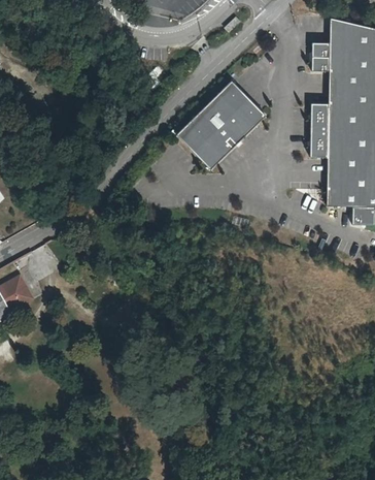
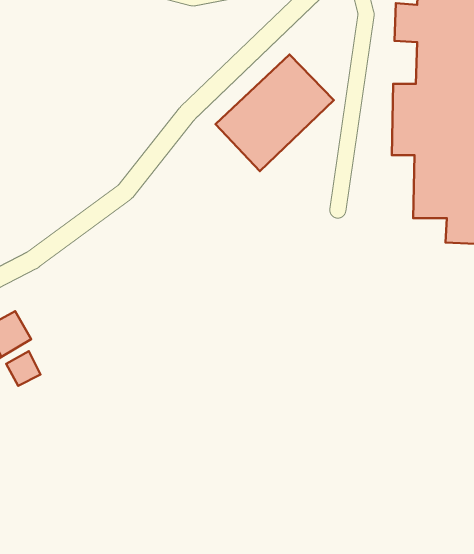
building: none -> [6,351,40,386]

